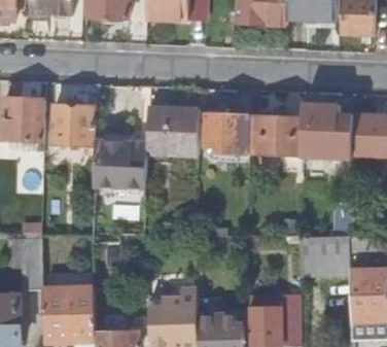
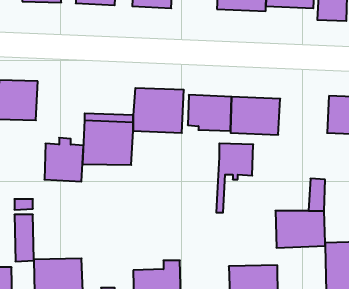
building: [52,99,94,145] -> [44,138,83,182]
building: [300,103,339,176] -> [216,143,253,213]

